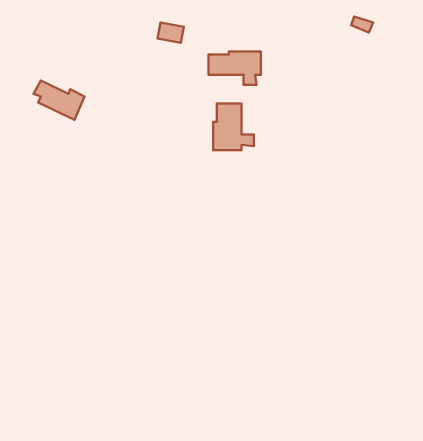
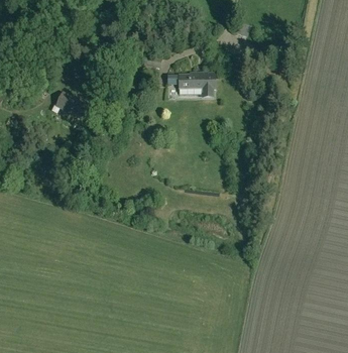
building: [213,104,254,150] -> none

